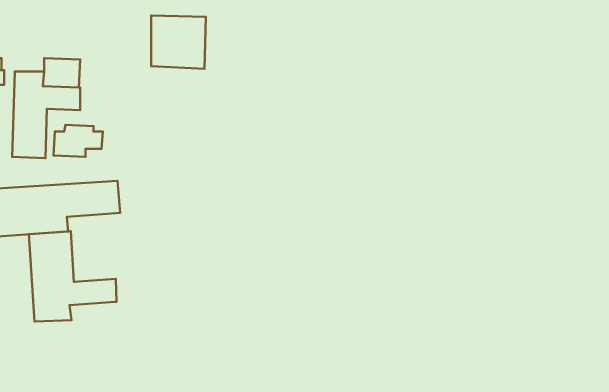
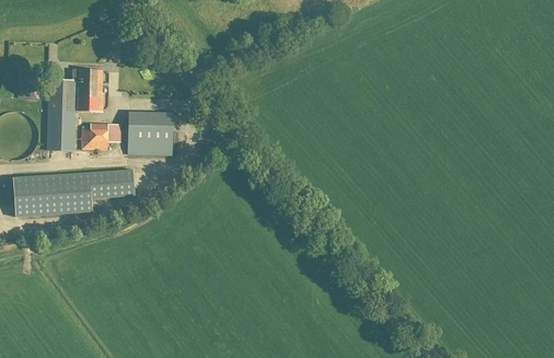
building: [151,15,206,69] -> [127,112,172,155]
building: [29,231,117,321] -> none

